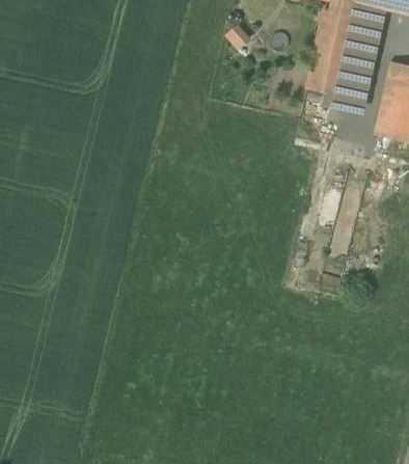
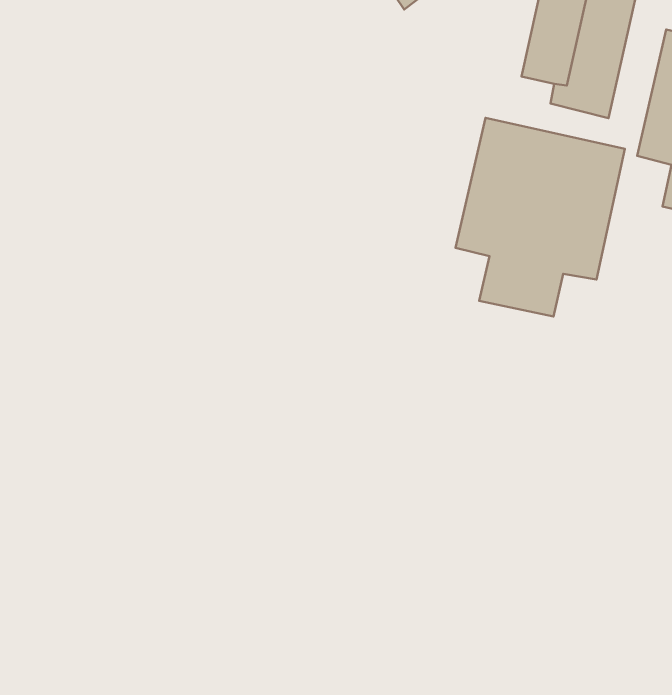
building: none -> [455,118,625,316]

